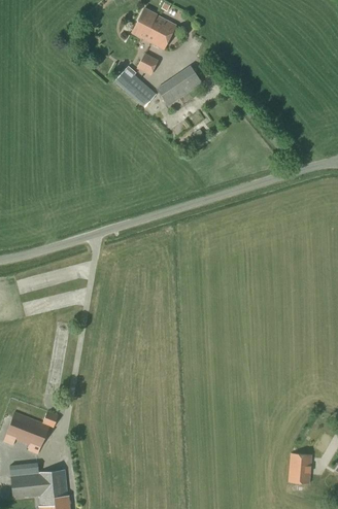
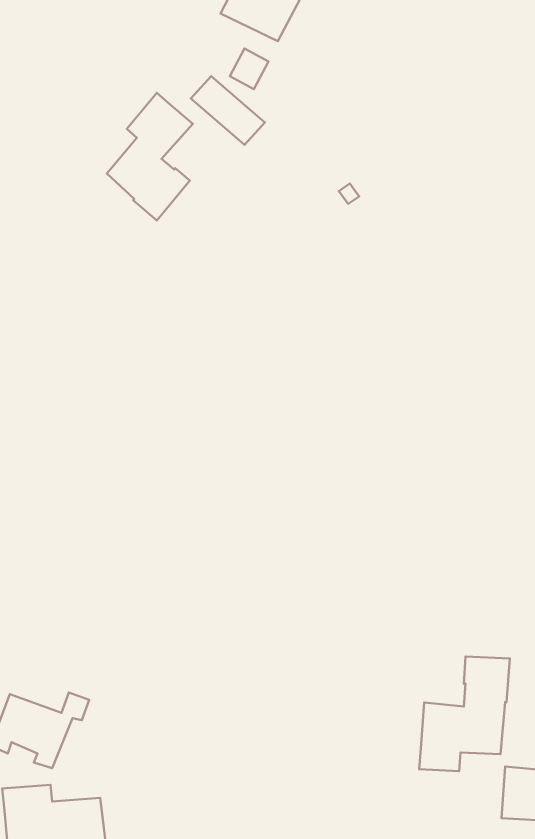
building: [157,65,203,106] -> none
building: none -> [107,93,193,221]
building: none -> [419,657,510,771]

